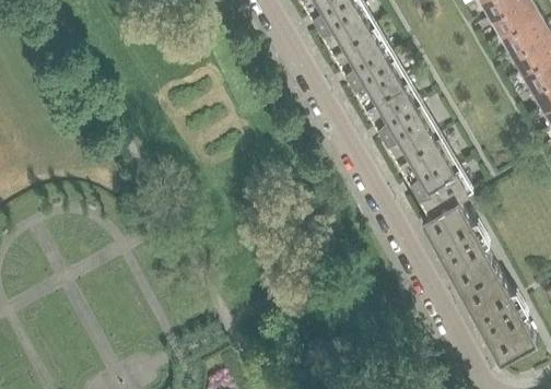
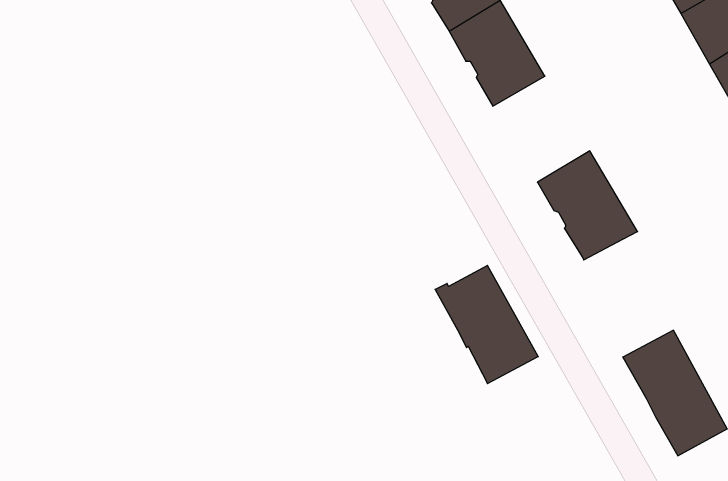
building: [365,79,436,156] -> none
building: [422,198,497,284] -> [435,265,538,384]

